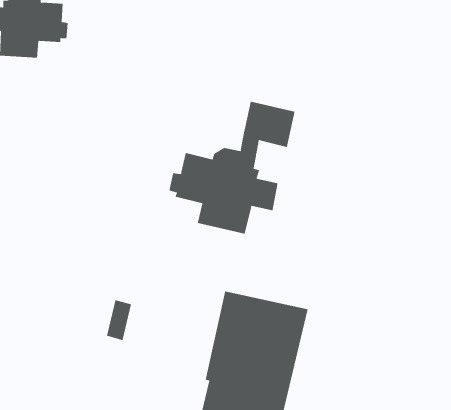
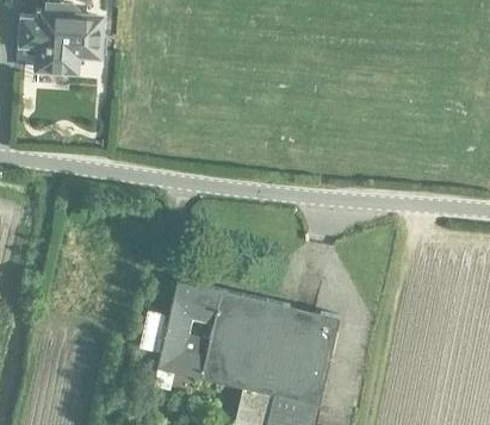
building: [169,101,295,235] -> none
building: none -> [154,279,259,388]

